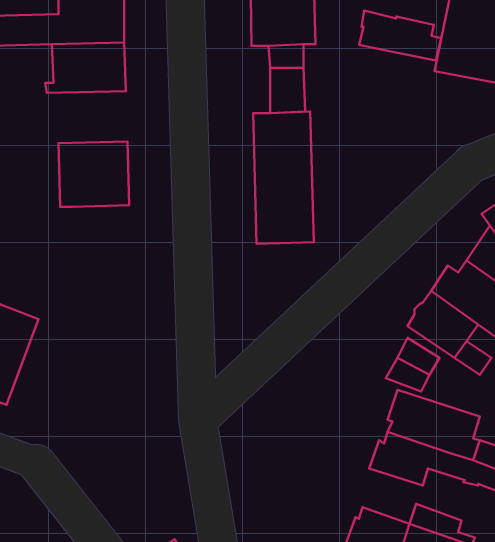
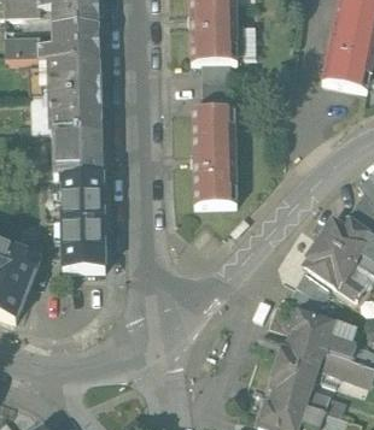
building: [359,10,441,61] -> none
building: none -> [43,94,101,131]
building: none -> [62,176,104,269]
building: none -> [269,365,314,405]

